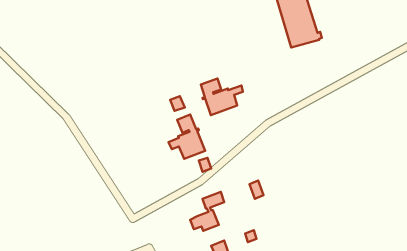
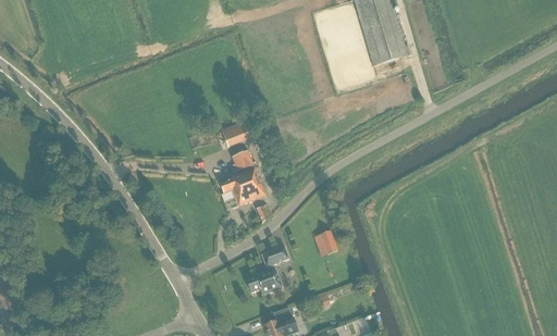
building: [201,78,243,115] -> none

